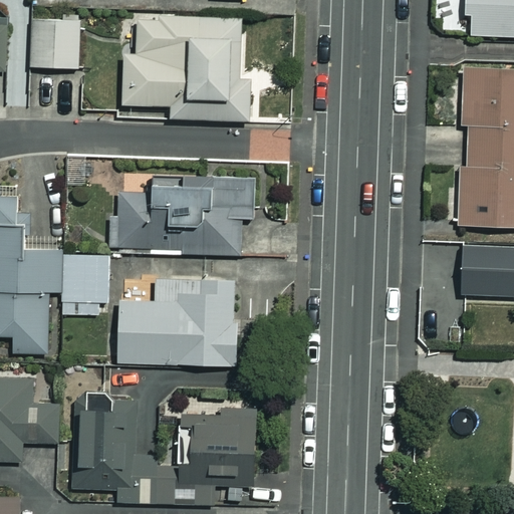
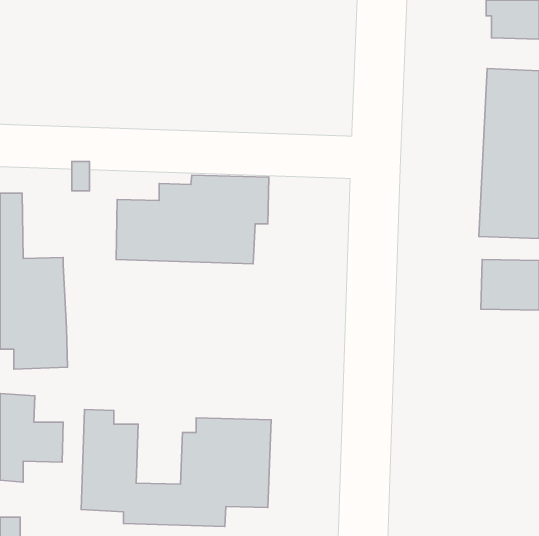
building: [122,17,250,119] -> none
building: [32,18,78,67] -> none
building: [60,254,109,315] -> none
building: [117,275,240,365] -> none

